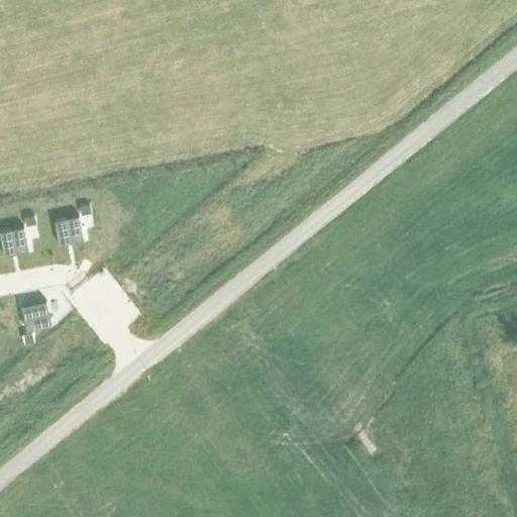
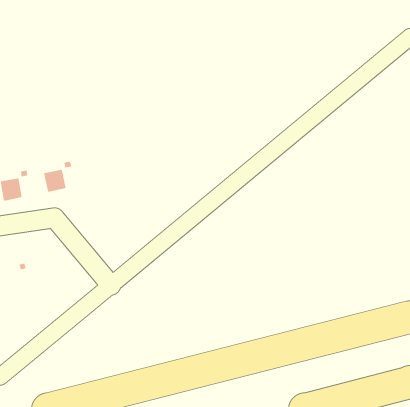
building: [22,302,51,331] -> none

